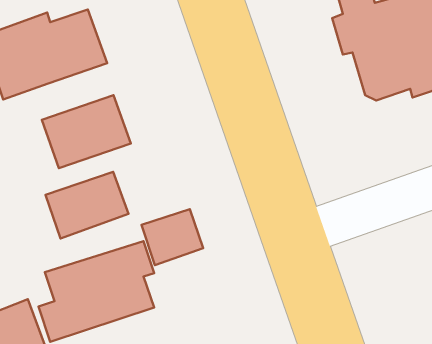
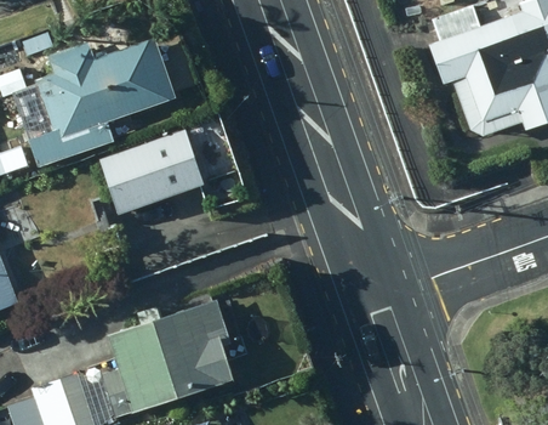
building: [46,172,129,238] -> none
building: [142,209,203,265] -> none

